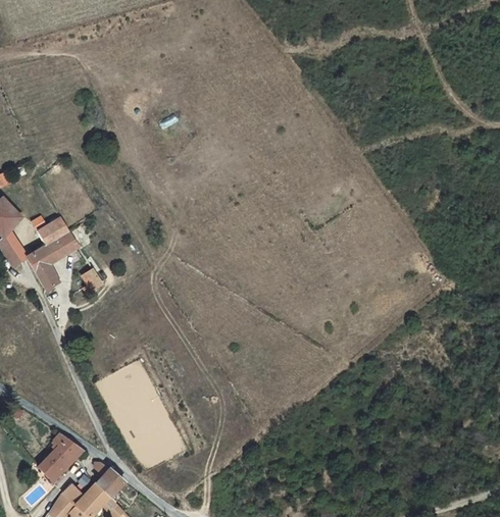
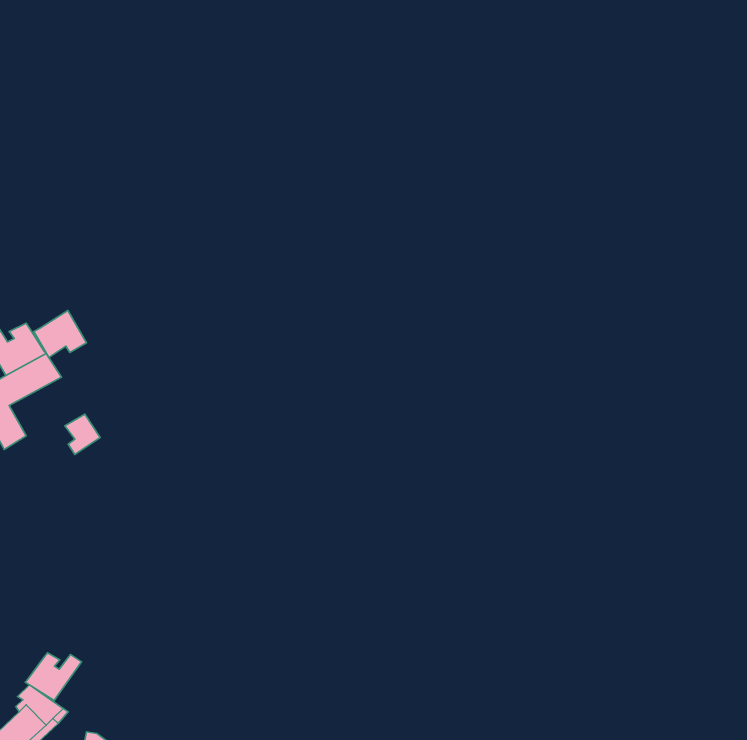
building: none -> [34,310,87,358]
building: none -> [25,653,82,701]

